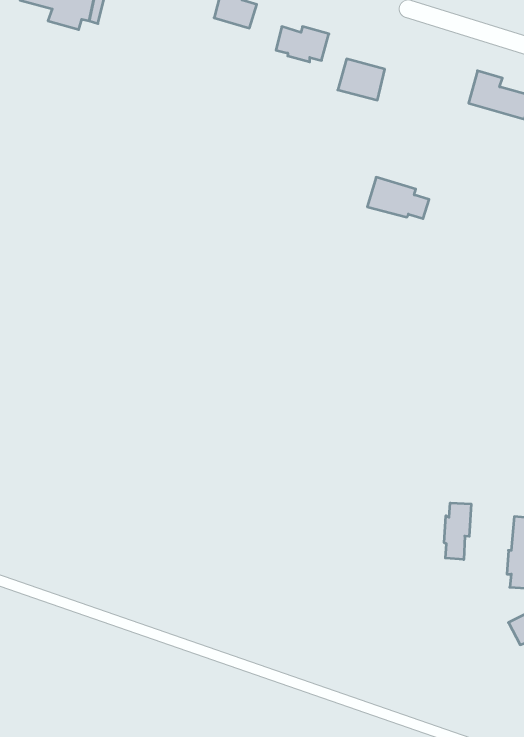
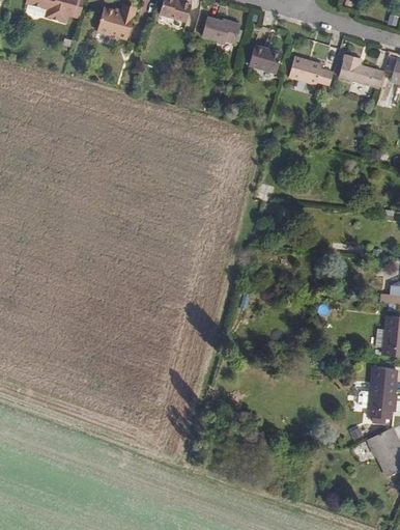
building: none -> [99,9,137,41]
building: [367,177,429,219] -> [288,56,332,85]
building: [444,503,471,560] -> none

